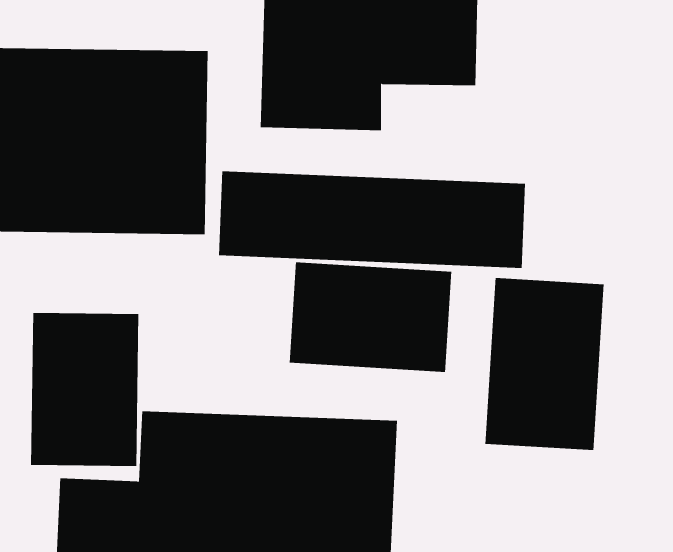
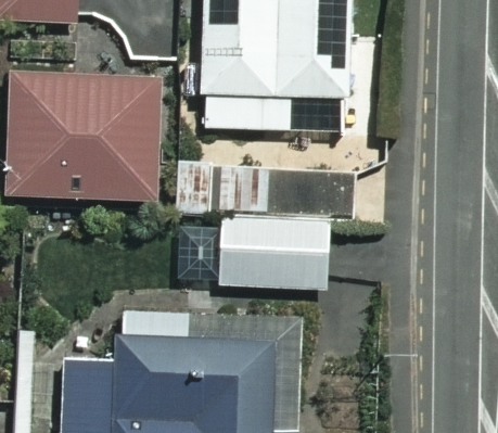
building: [485,277,604,451] -> none
building: [31,312,139,467] -> none

